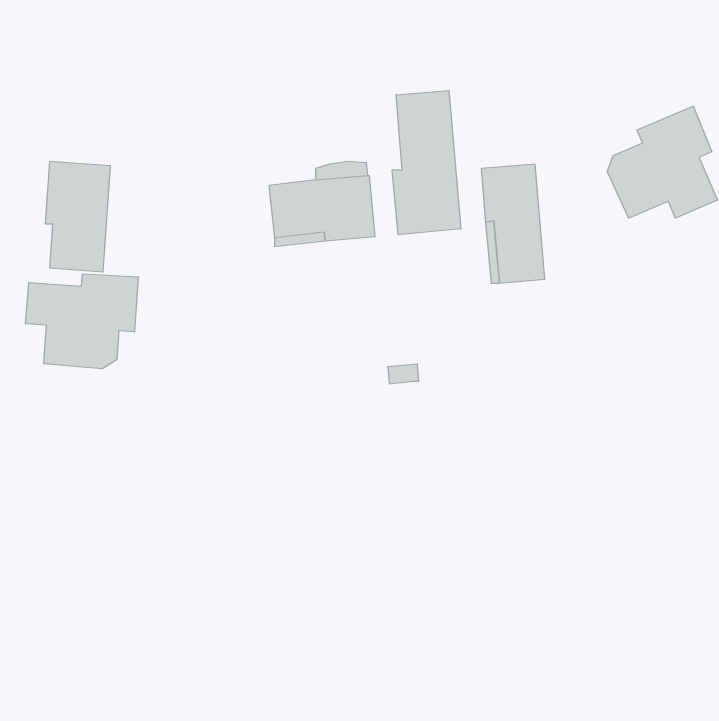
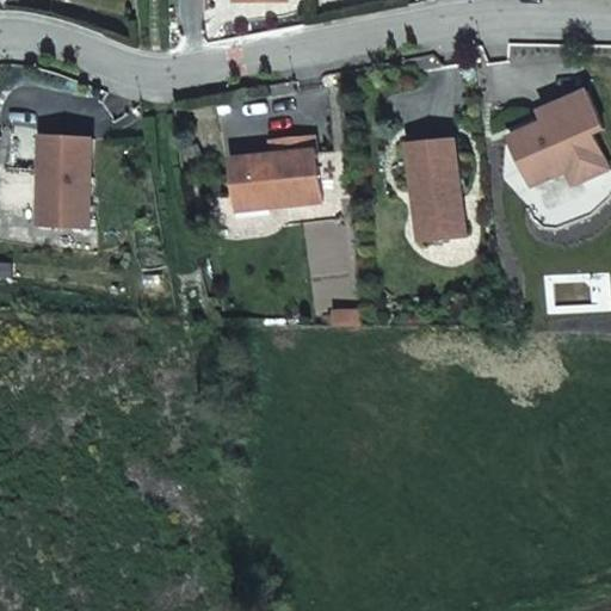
building: [392,91,461,235] -> none
building: [26,274,138,369] -> none

